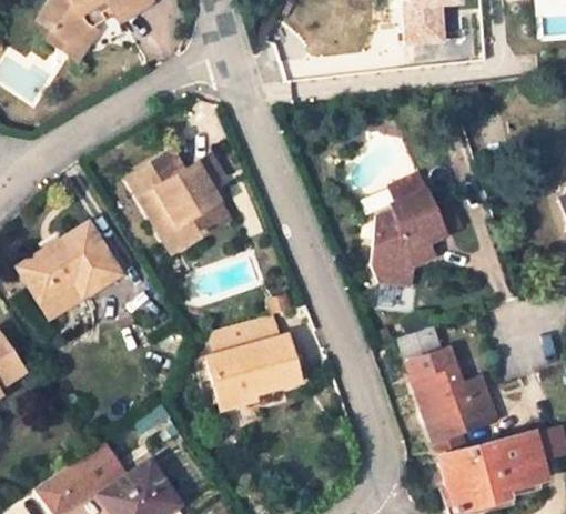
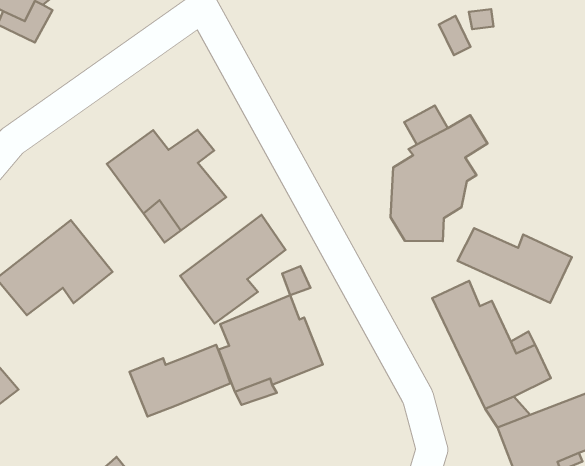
building: none -> [180,215,286,323]
building: none -> [457,228,572,303]
building: none -> [130,345,231,416]

